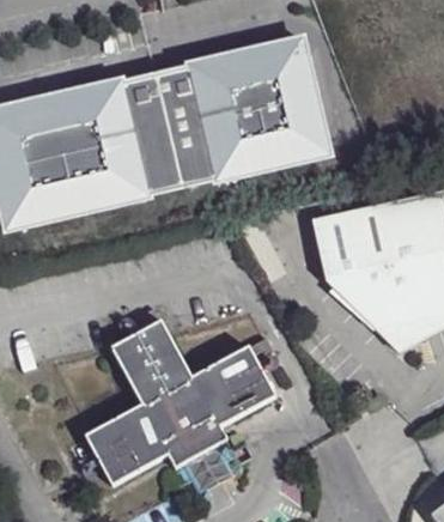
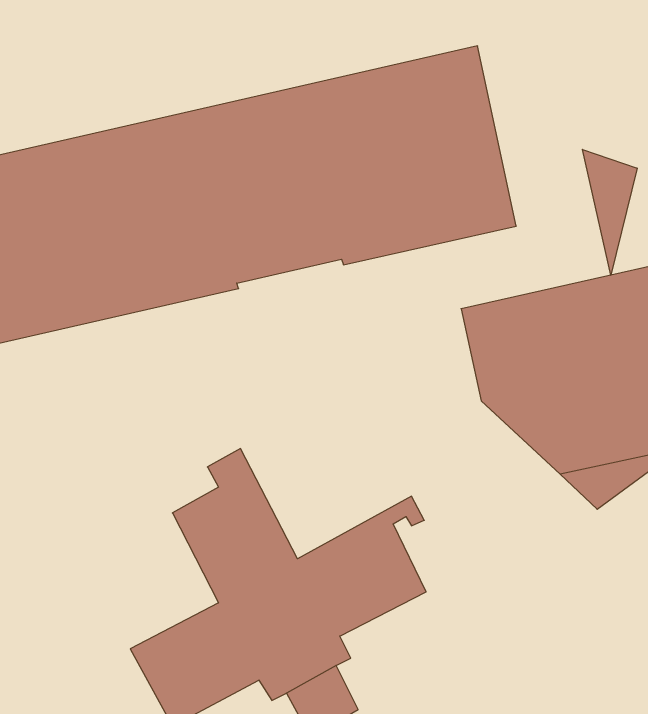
building: none -> [582,149,637,275]

